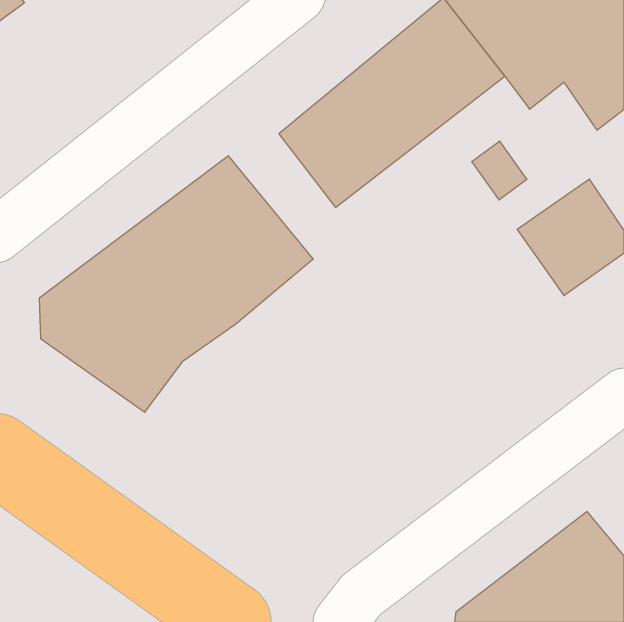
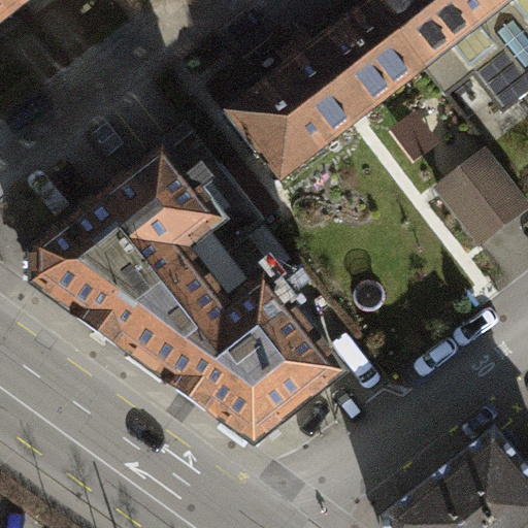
building: none -> [122,272,336,441]

